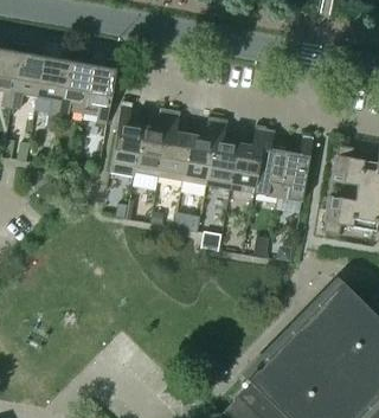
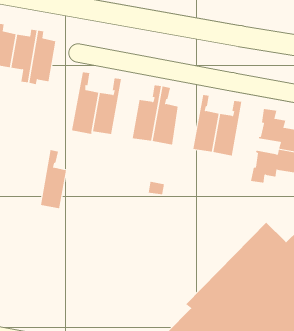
building: [83,59,117,124] -> none
building: [158,110,189,181] -> [40,149,67,209]
building: [230,126,265,194] -> none

